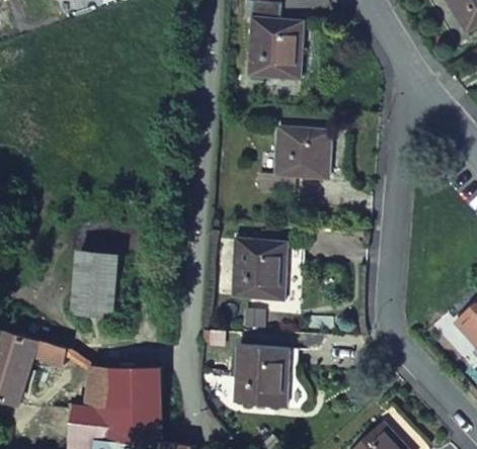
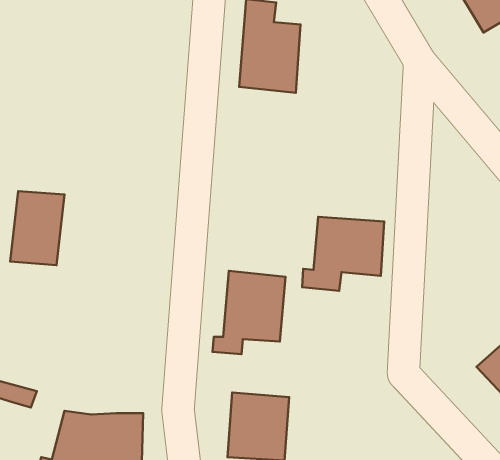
building: [257,129,329,194] -> [302,217,384,291]
building: [74,250,122,315] -> [10,191,65,265]

